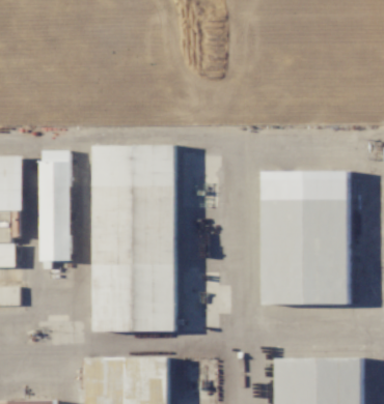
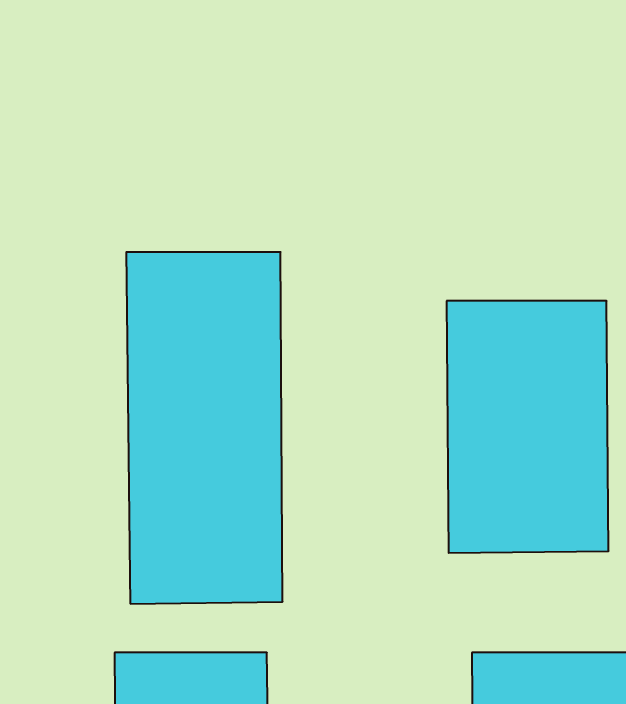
building: [40,151,71,261] -> none

